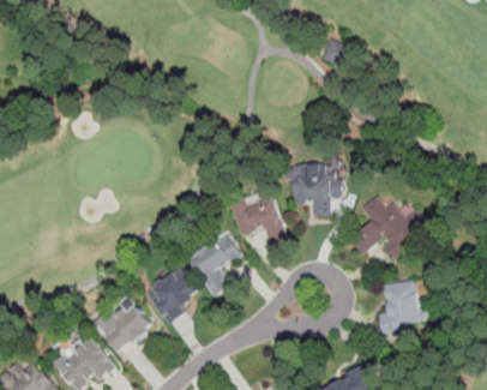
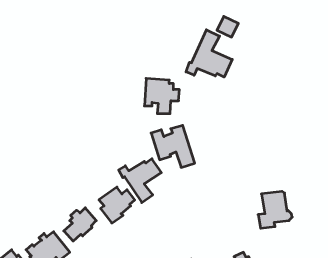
building: none -> [186,30,232,77]
building: [296,166,345,215] -> [144,78,179,114]
building: [348,202,431,257] -> none

